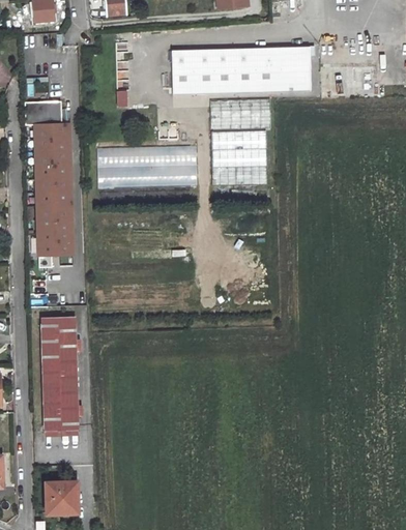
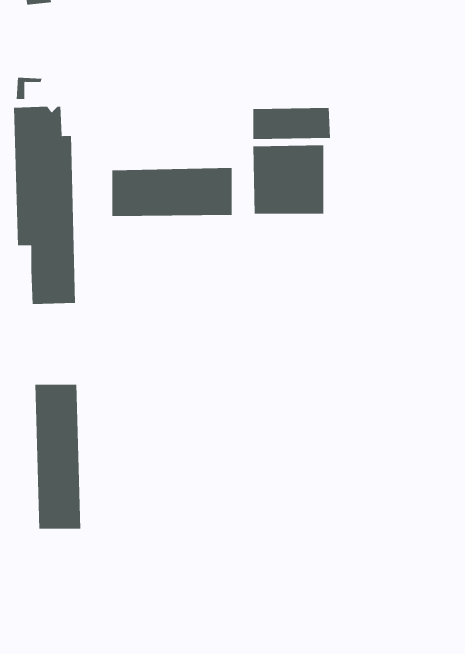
building: [171,46,312,93] -> none
building: [46,480,78,512] -> none

